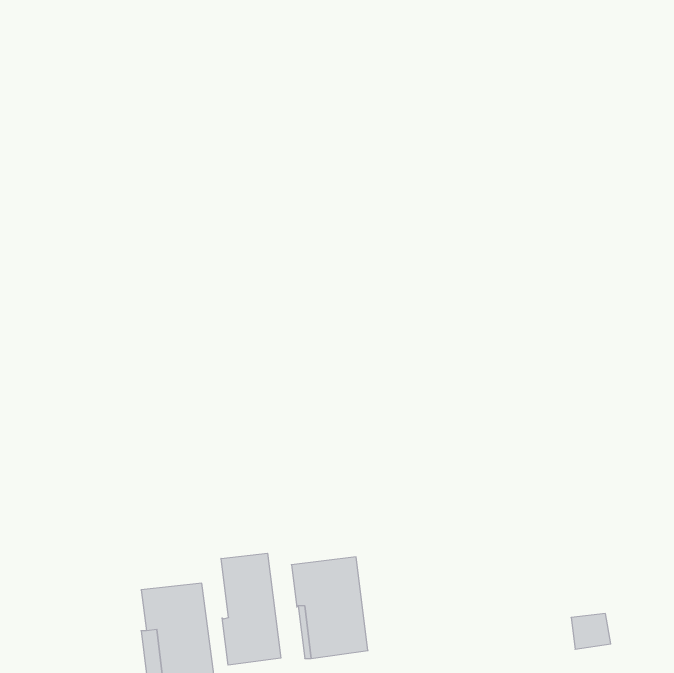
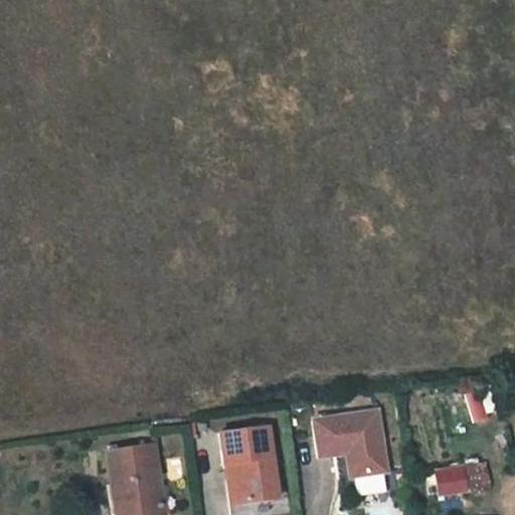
building: none -> [316,411,388,477]
building: [221,553,281,665] -> none

